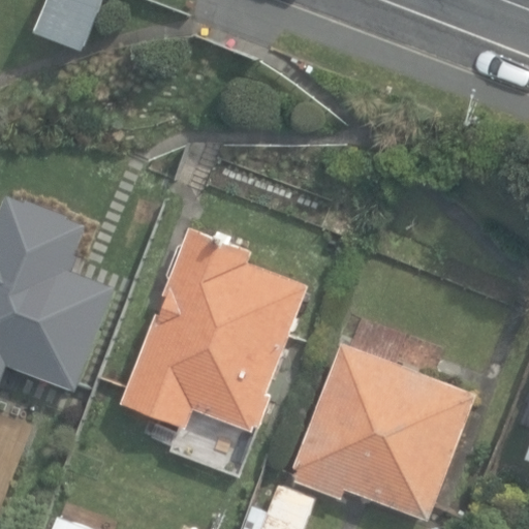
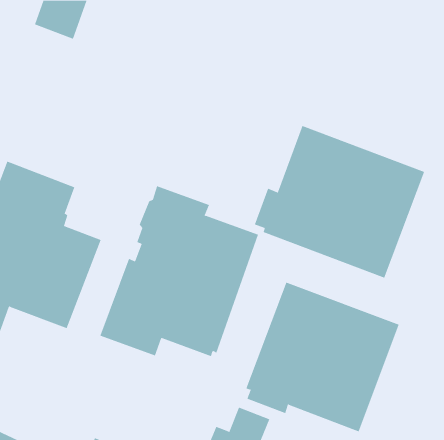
building: none -> [254,125,425,279]

